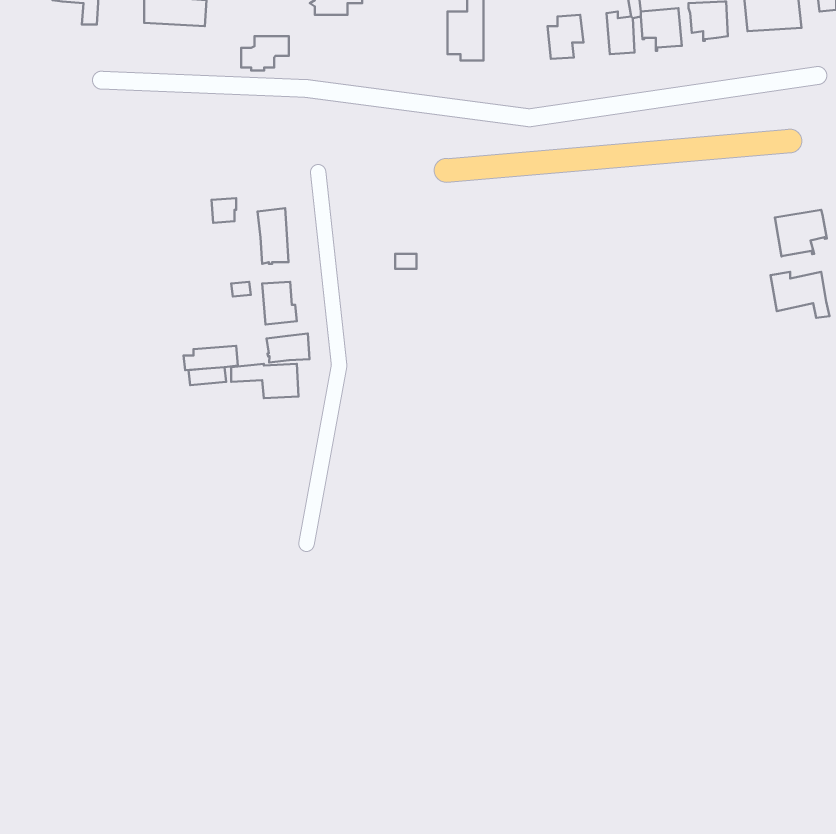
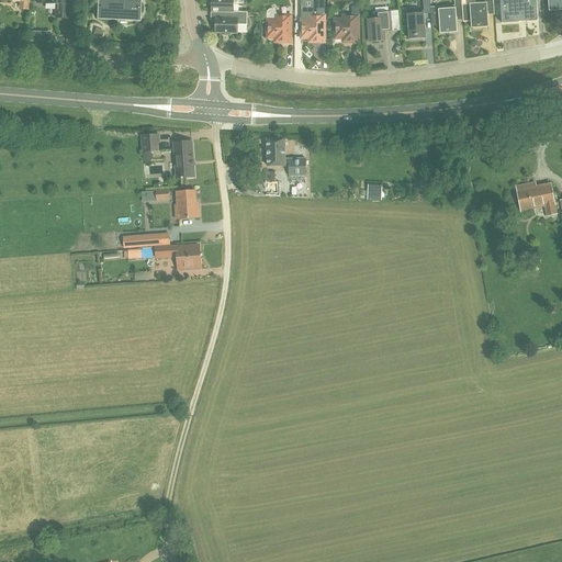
building: none -> [266,8,290,41]
building: none -> [334,13,358,41]
building: [241,36,289,71] -> [214,10,246,33]
building: none -> [267,137,305,173]
building: [775,210,827,256] -> none
building: [267,334,309,362] -> none

